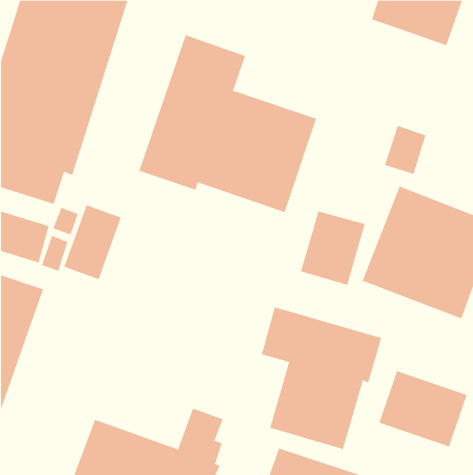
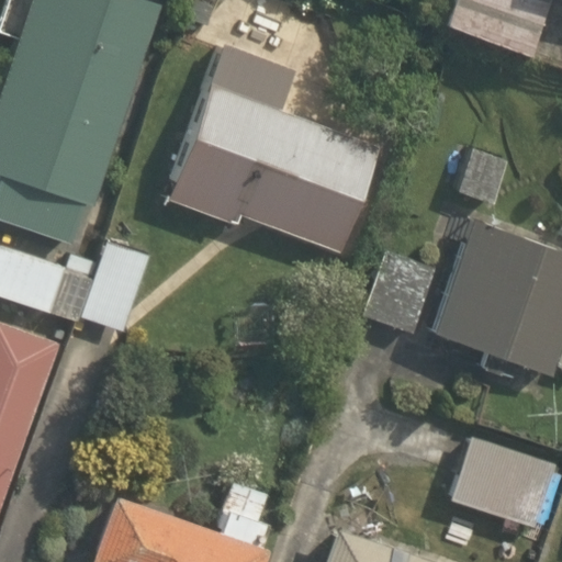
building: [261,307,382,450] -> none

